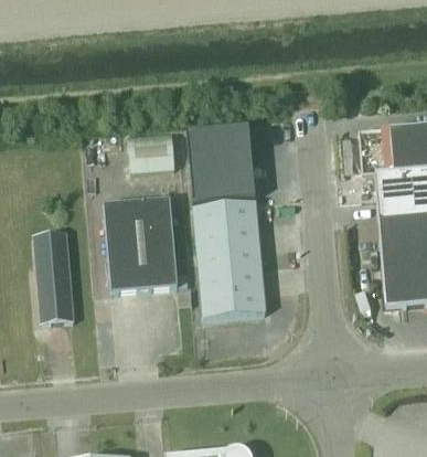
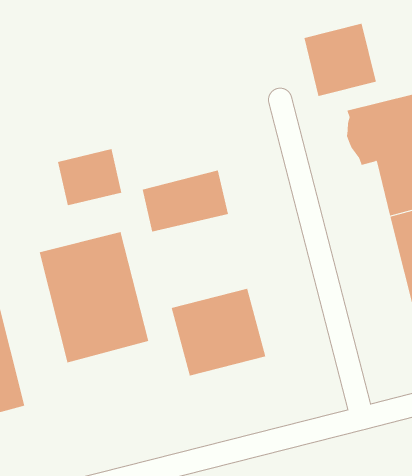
building: none -> [304,23,376,97]
building: [186,124,252,166] -> none
building: [192,200,259,261] -> none

